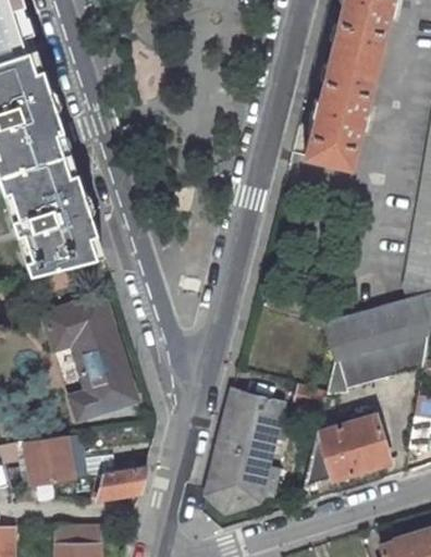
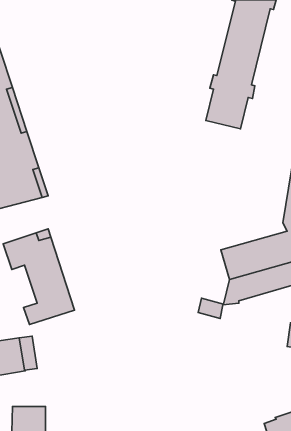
building: [207,391,285,510] -> none
building: [304,414,390,487] -> none
building: [95,465,147,499] -> none

